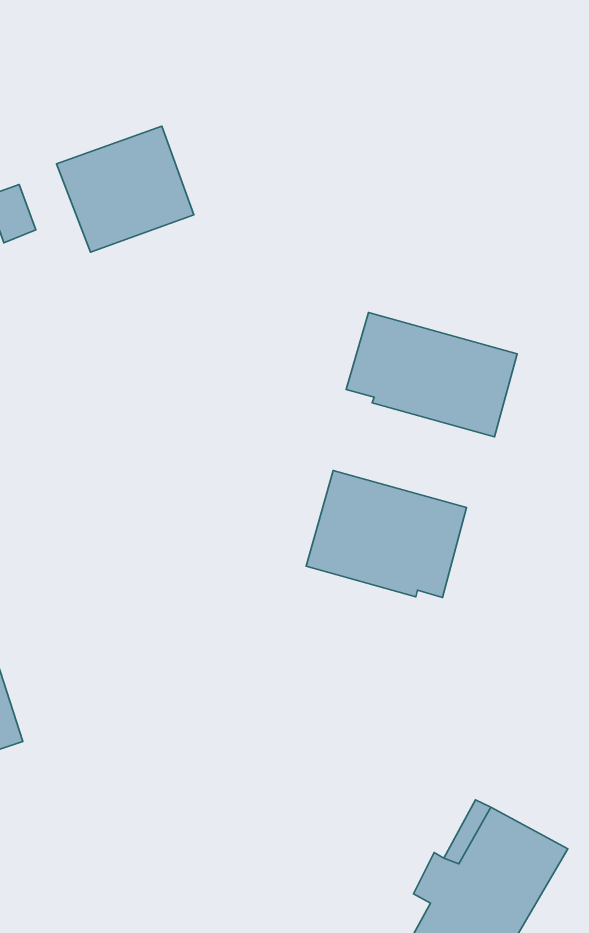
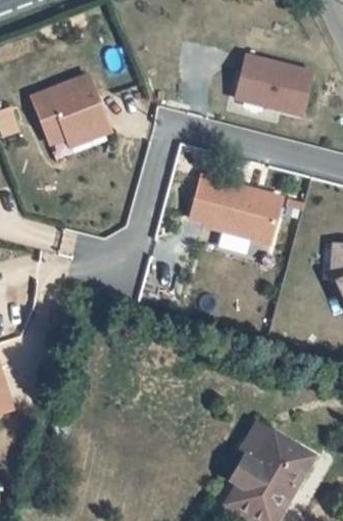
building: none -> [239,55,316,114]
building: [306,470,467,598] -> none

